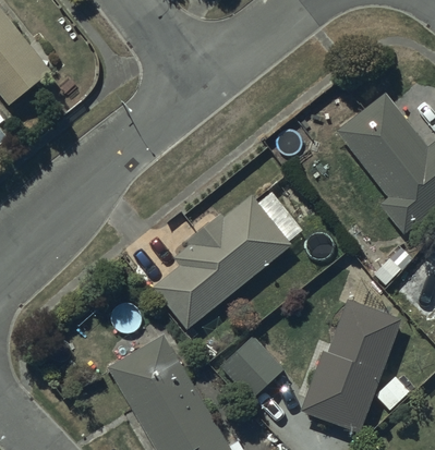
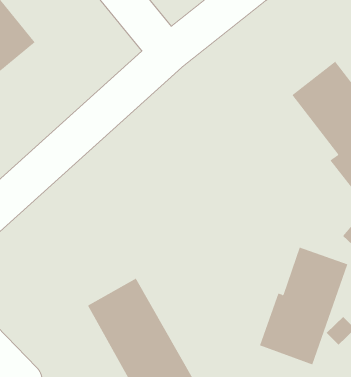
building: [154,195,290,328] -> none
building: [219,337,282,400] -> none

